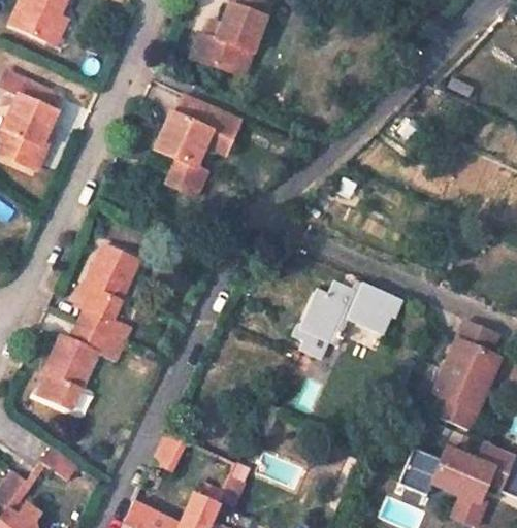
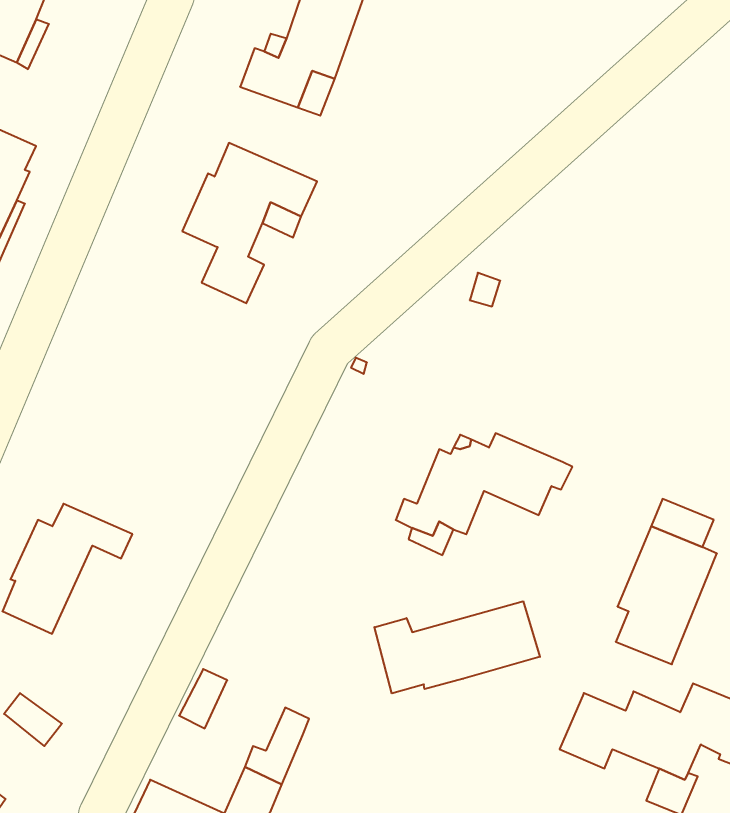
building: [78,244,139,345] -> none
building: none -> [374,601,540,693]

